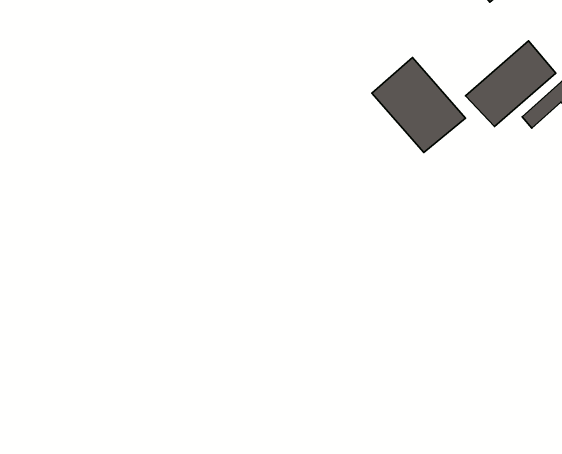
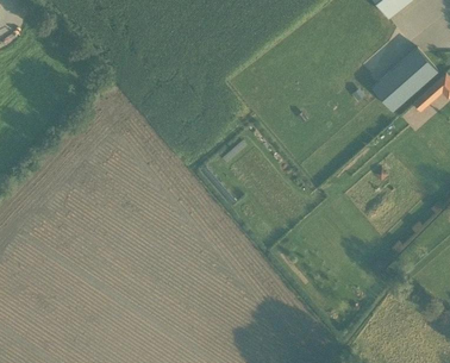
building: [372,57,466,152] -> none

